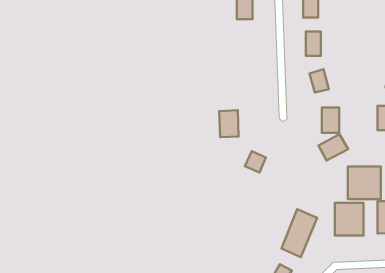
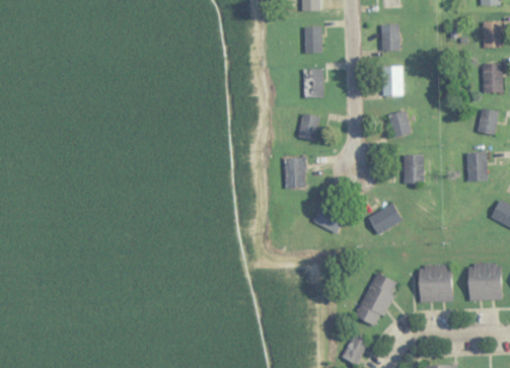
building: none -> [303,68,323,97]
building: none -> [298,114,320,140]
building: [319,134,348,160] -> [368,204,403,234]
building: [348,166,381,199] -> none

